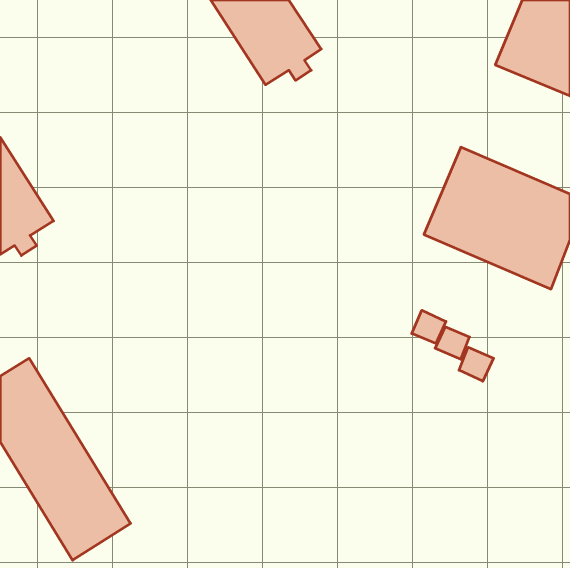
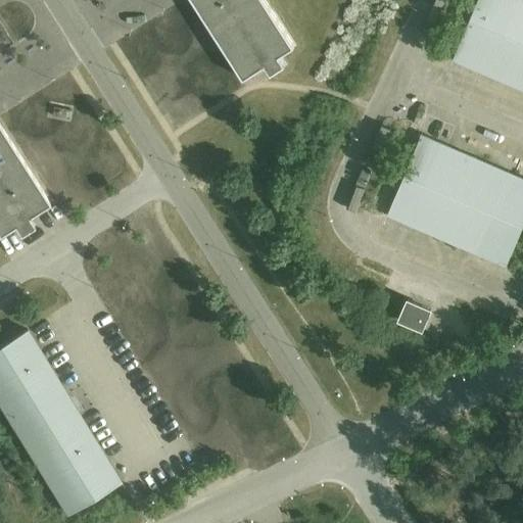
building: [412,310,446,343] -> none
building: [459,347,494,381] -> none

